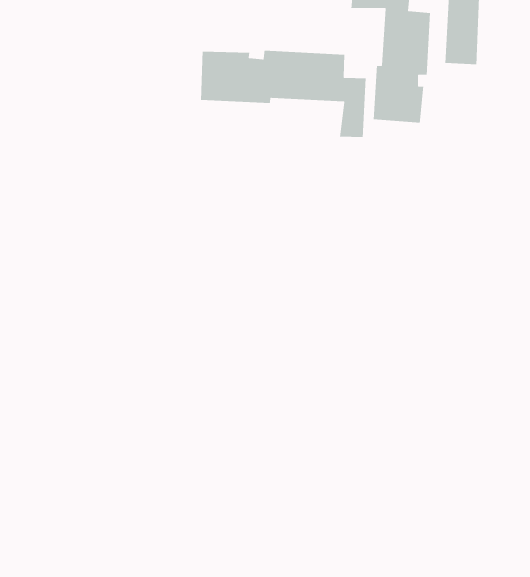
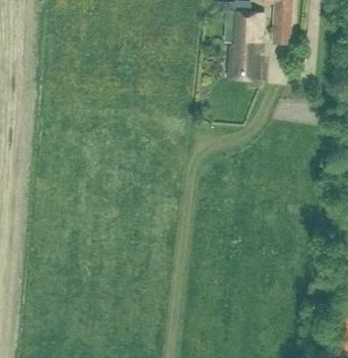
building: [200,50,366,138] -> none

